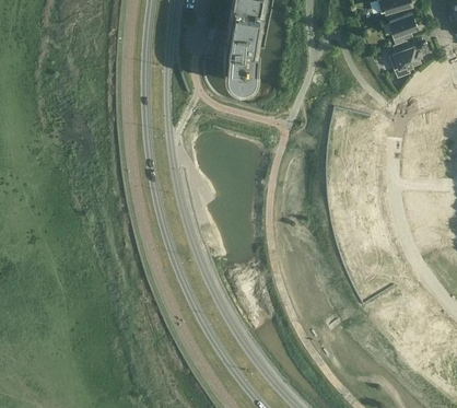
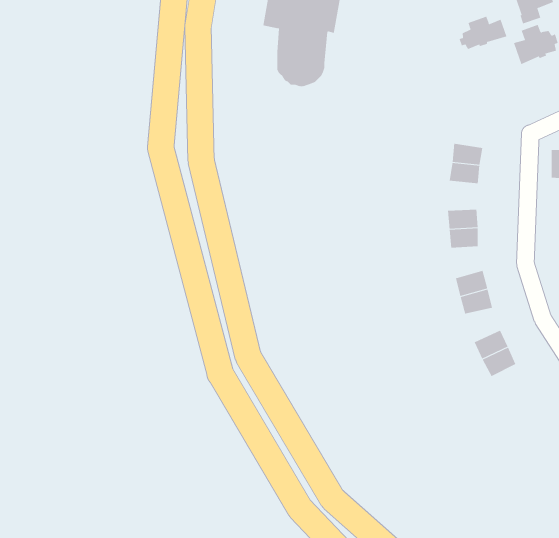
building: none -> [459,16,507,50]

